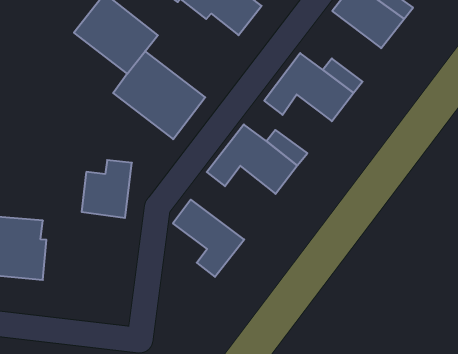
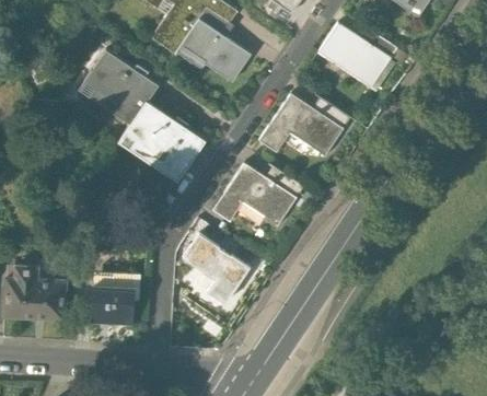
building: [82,160,132,218] -> [91,271,135,324]

